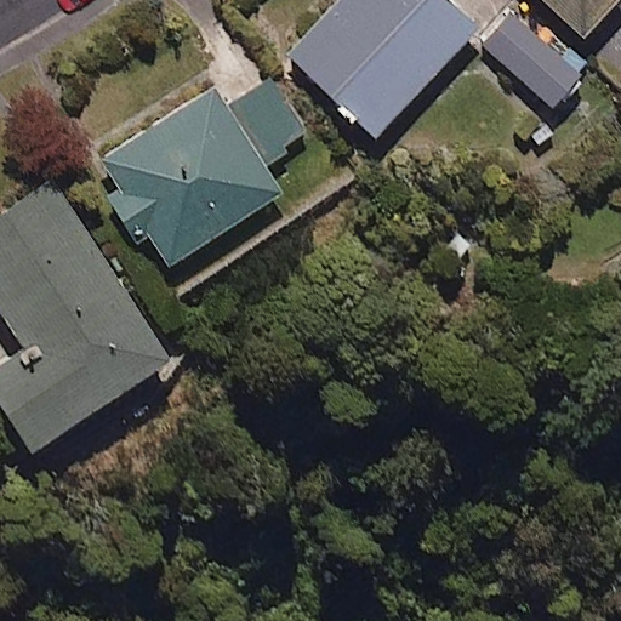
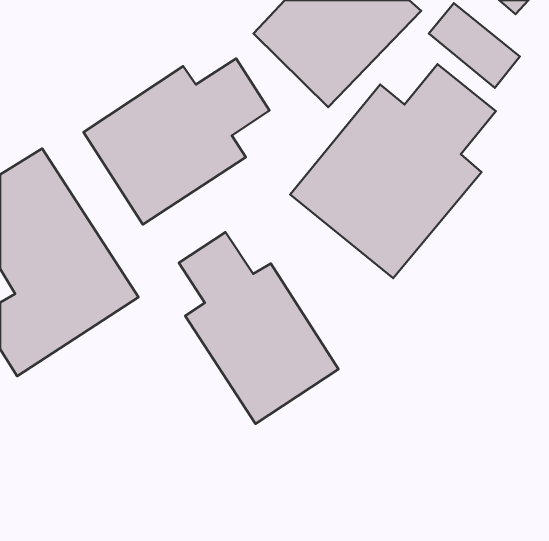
building: none -> [290,64,496,278]
building: none -> [179,232,339,424]

